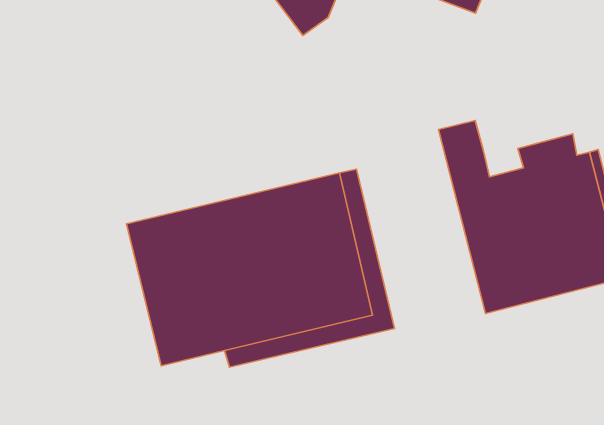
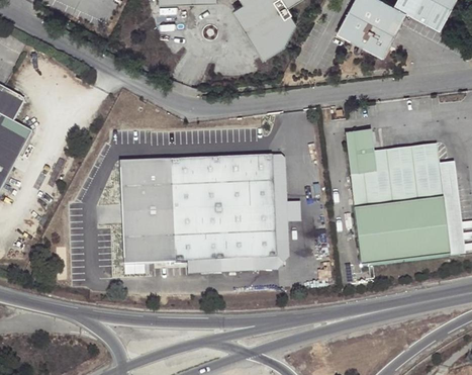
building: none -> [374,143,438,170]

